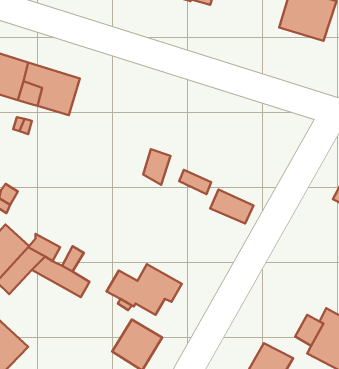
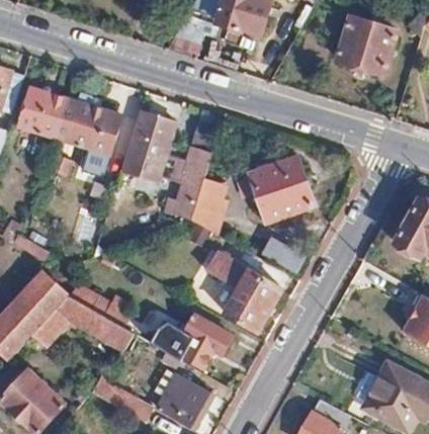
building: none -> [122,110,177,180]
building: none -> [164,143,211,218]
building: none -> [249,155,316,223]
building: none -> [207,252,283,332]
building: none -> [92,369,153,421]

